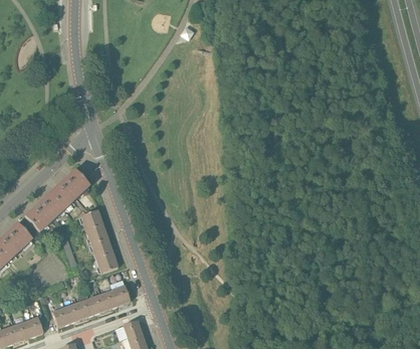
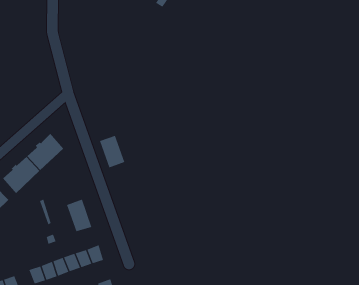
building: [80,209,108,243] -> [99,135,125,168]

